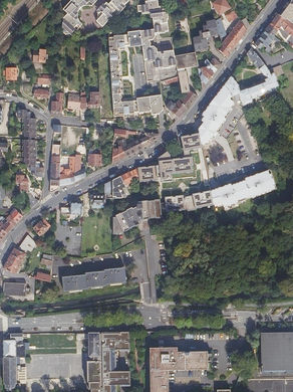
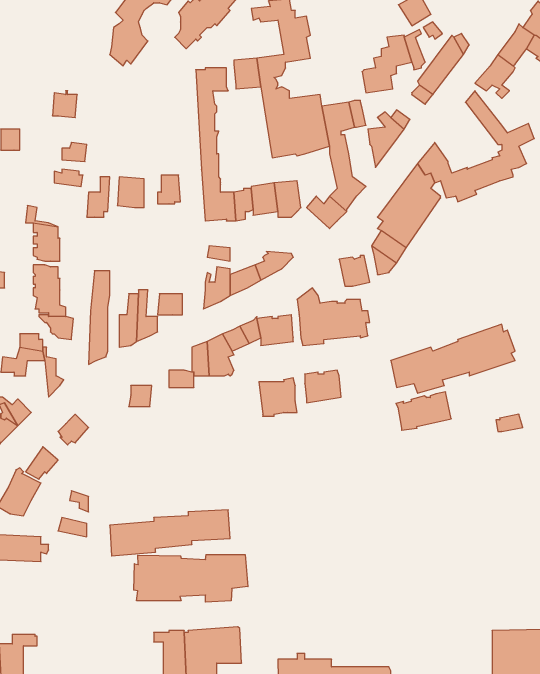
building: [183,190,212,210] -> [396,392,451,430]
building: [110,201,141,234] -> none
building: none -> [134,555,248,602]

